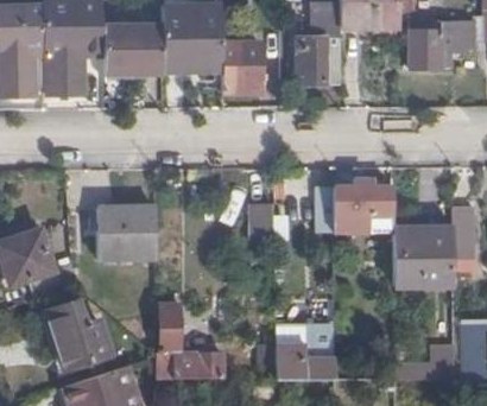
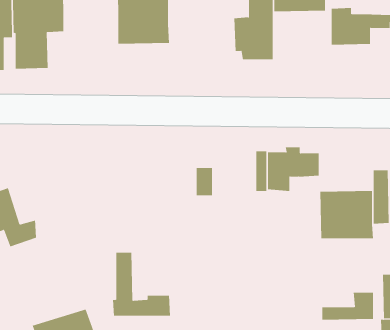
building: [103,24,164,74] -> none
building: [222,24,267,91] -> none
building: [99,207,157,258] -> none
building: [44,302,113,372] -> none
building: [277,323,335,379] -> none

